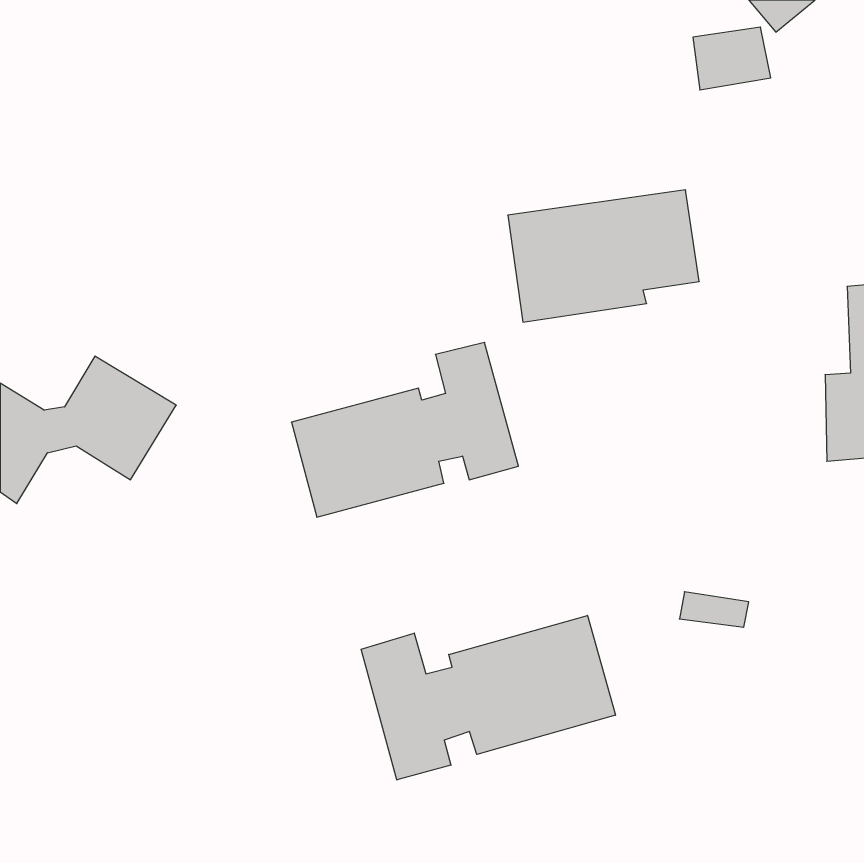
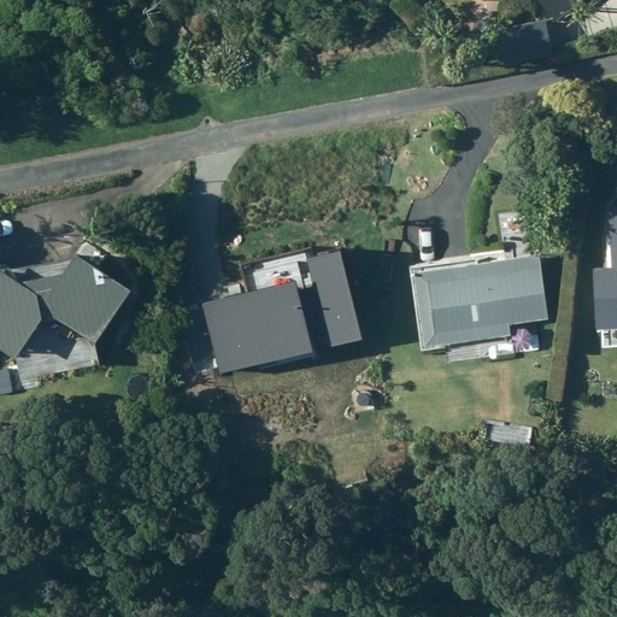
building: [508,190,699,322] -> [411,255,547,349]
building: [361,615,615,780] -> none

